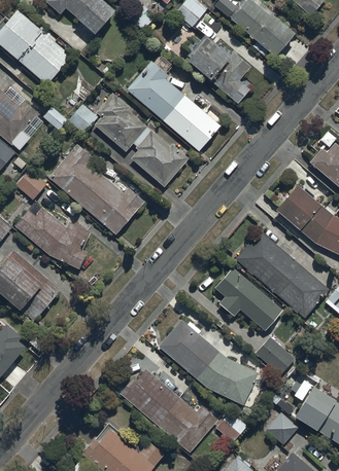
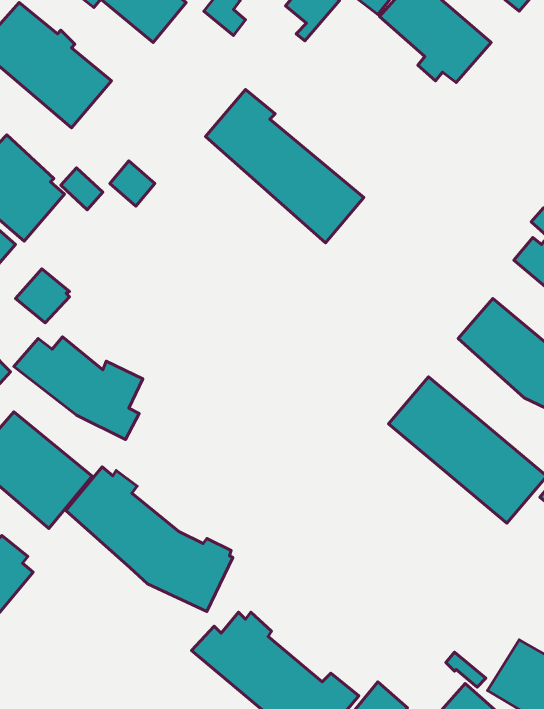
building: [185,36,250,103] -> none
building: [94,94,190,188] -> none
building: [47,145,143,234] -> none
building: [214,267,284,331] -> none
building: [159,320,258,405] -> [66,467,233,612]
building: [255,337,295,376] -> none

